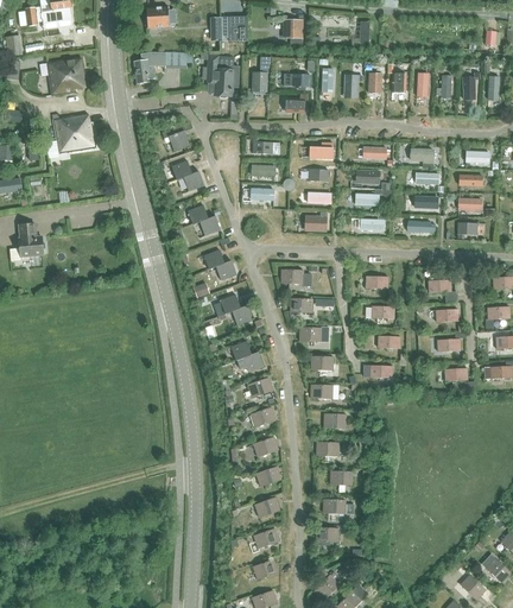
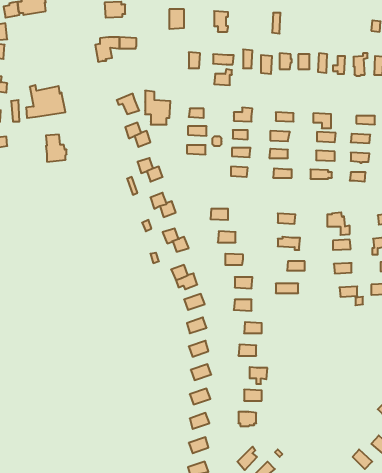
building: [207,53,239,96] -> [145,91,170,125]
building: [39,58,87,96] -> none
building: [19,222,45,256] -> [46,135,67,162]

